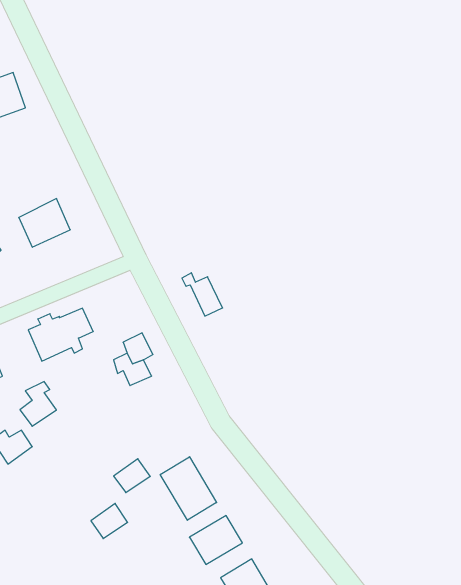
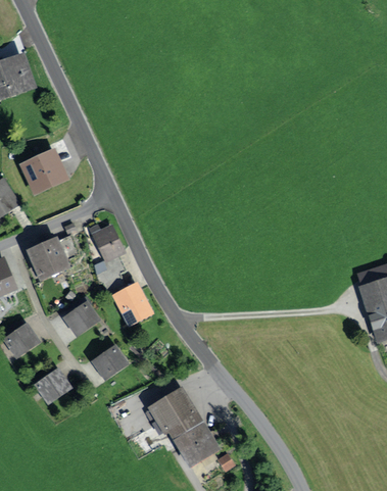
building: [182,273,223,316] -> [89,226,119,258]
building: none -> [116,289,146,321]
building: [20,382,56,426] -> [66,297,94,331]
building: [160,457,217,520] -> none
building: [91,503,128,539] -> [38,373,65,399]

